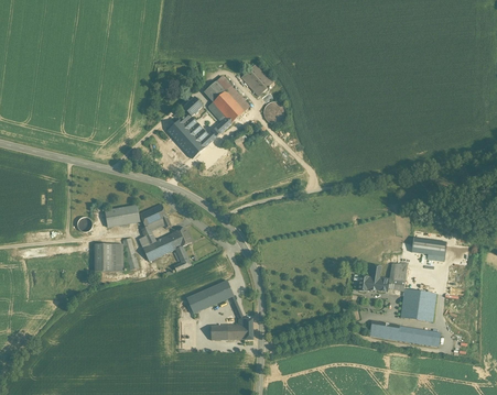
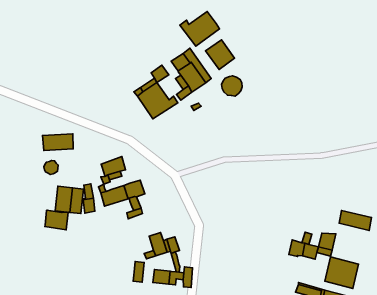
building: none -> [180,11,219,46]
building: [104,205,139,227] -> [43,134,73,151]
building: none -> [45,210,68,230]

